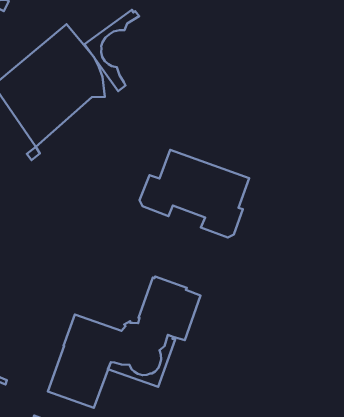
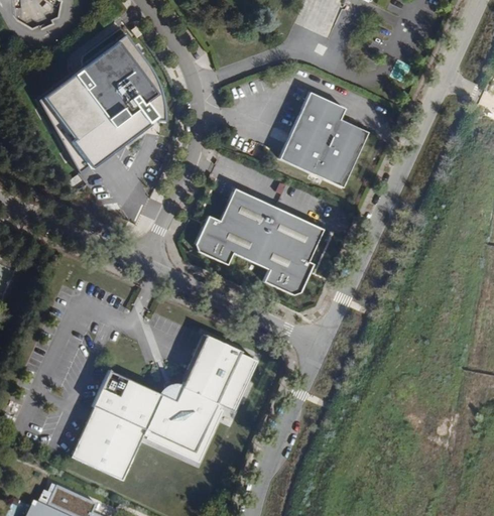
building: [85,10,139,91] -> none
building: none -> [280,93,370,187]

